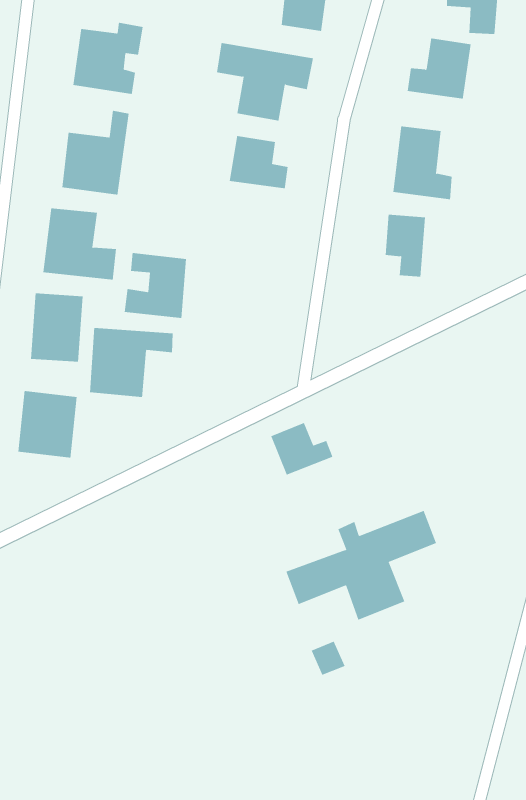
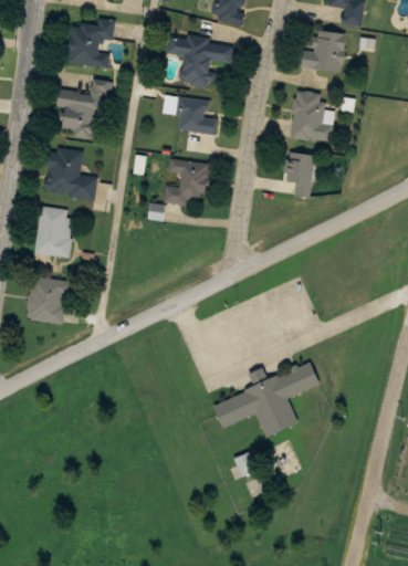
building: [124,252,187,319] -> [163,159,207,206]
building: [89,327,173,398] -> none
building: [271,422,333,476] -> none

